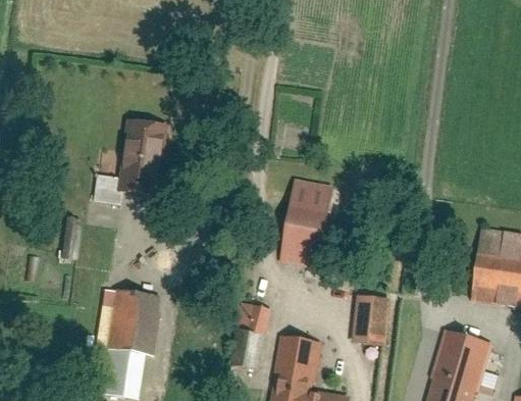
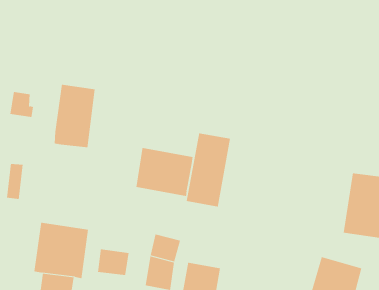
building: [94,172,123,204] -> [10,92,34,118]
building: none -> [136,147,193,197]
building: [352,294,392,345] -> none
building: none -> [97,248,129,276]

